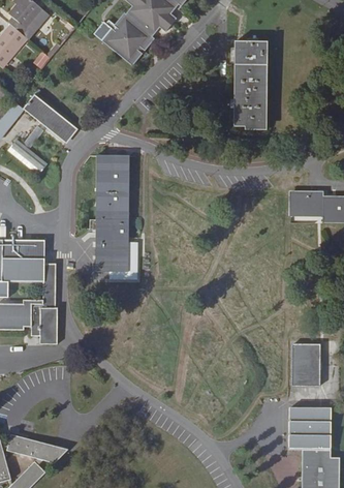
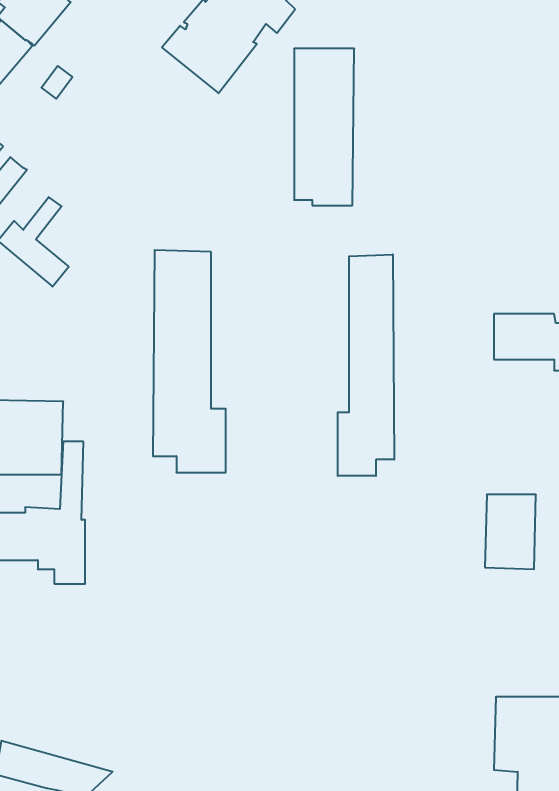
building: [234,40,269,129] -> [294,49,354,205]
building: [23,93,79,143] -> none
building: none -> [338,254,394,476]
building: [292,343,321,386] -> [485,495,536,569]

